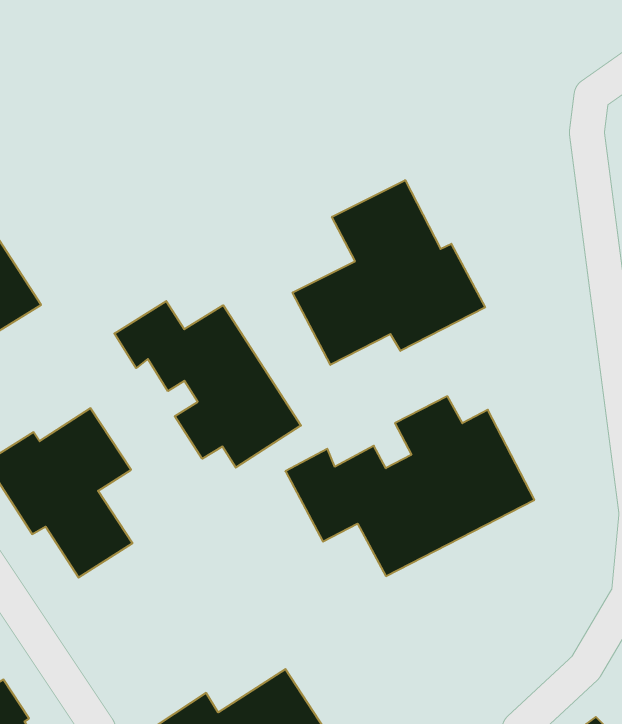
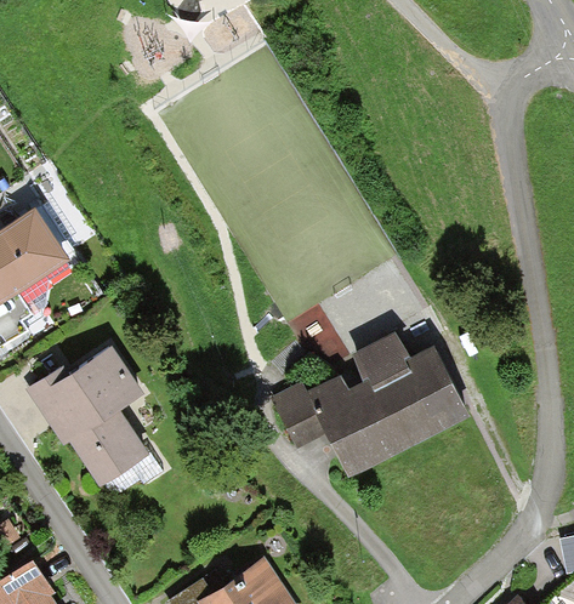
building: [293,180,485,365] -> none
building: [114,301,301,468] -> none

